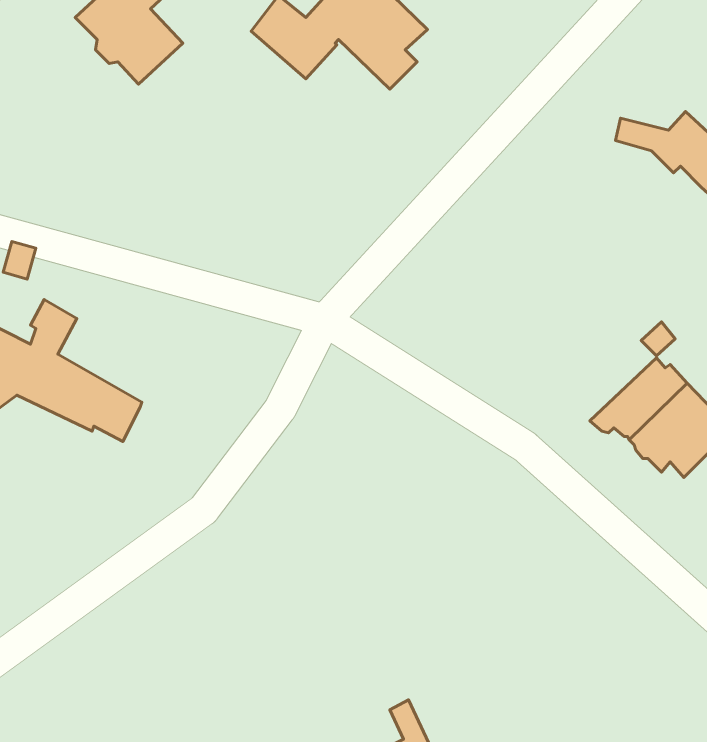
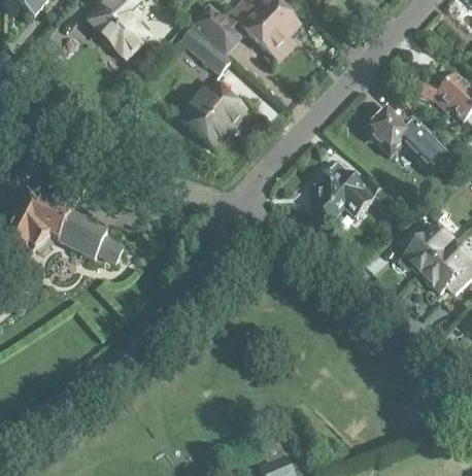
building: none -> [180,25,232,73]
building: none -> [180,80,247,147]
building: none -> [365,106,451,173]
building: none -> [313,159,397,219]

